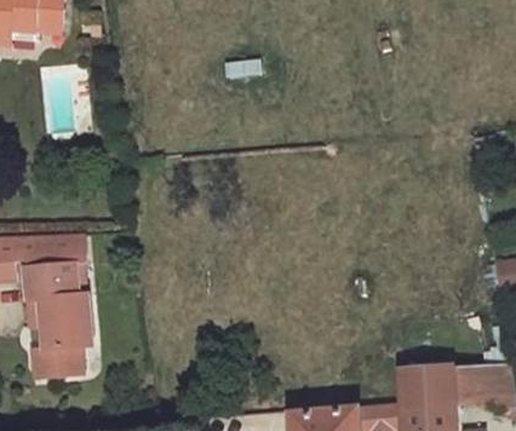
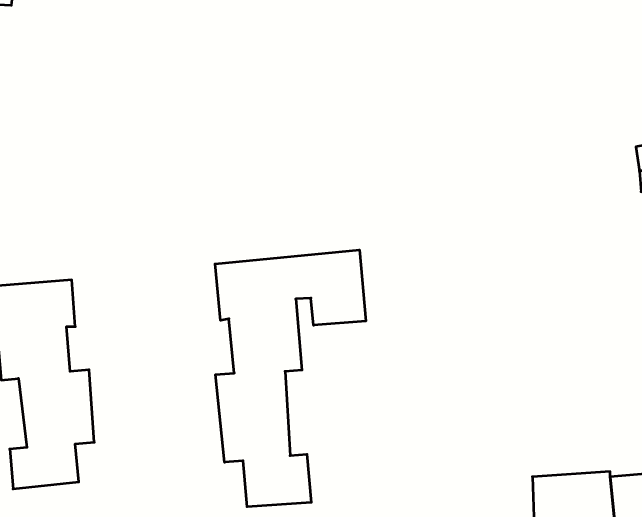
building: none -> [215,250,366,507]

